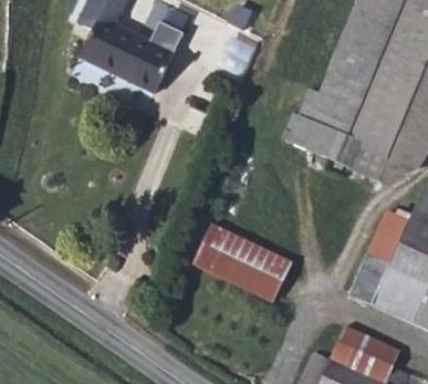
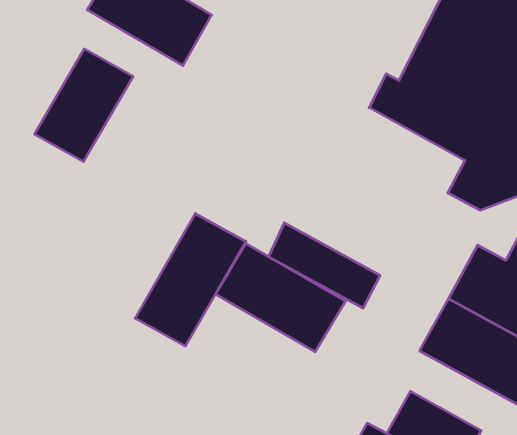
building: none -> [35,49,133,162]
building: [288,114,373,174] -> [269,223,380,308]
building: none -> [135,213,246,346]

